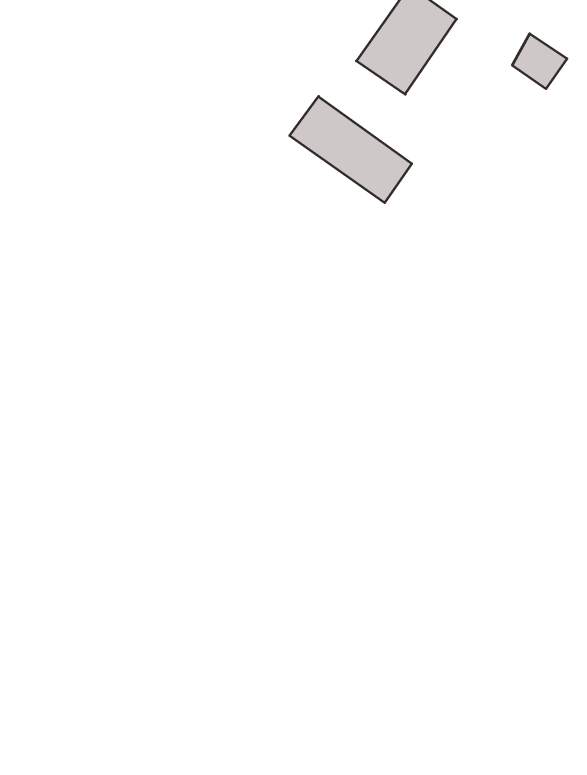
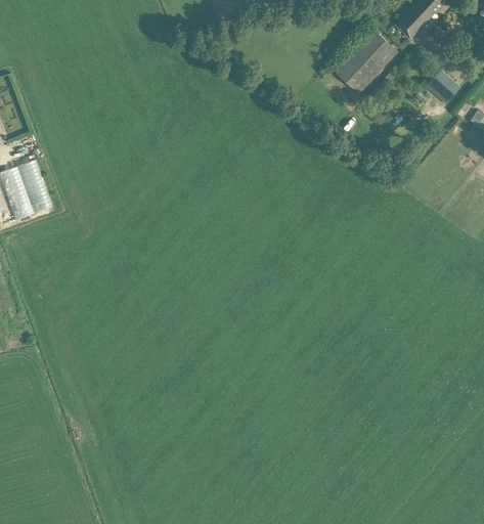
building: [290,96,412,203] -> none

